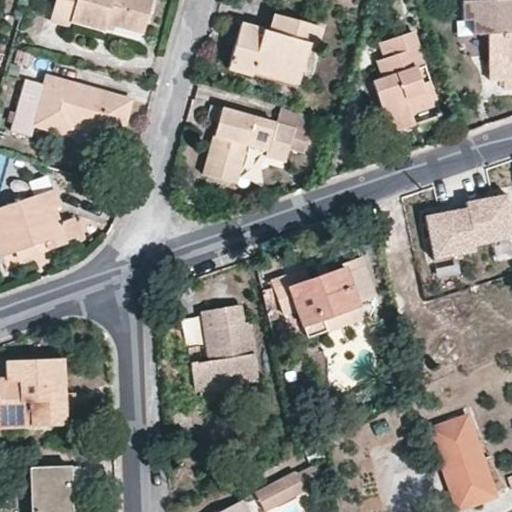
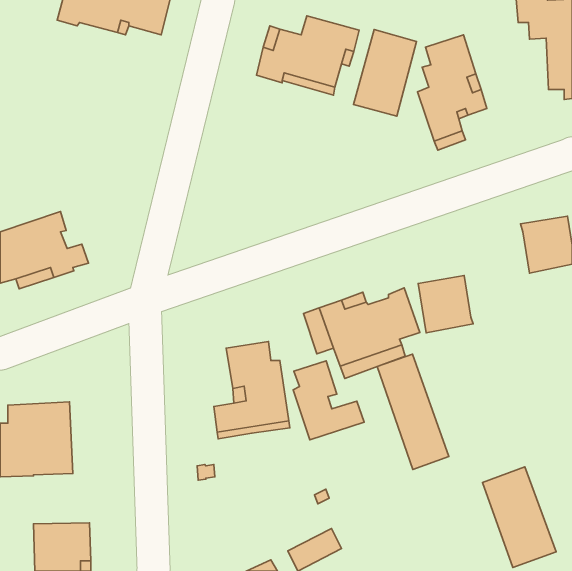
building: none -> [353,30,417,116]
building: [10,76,129,138] -> none
building: [203,105,294,182] -> none
building: [426,207,475,258] -> [418,276,473,333]
building: none -> [377,354,449,469]
building: none -> [293,361,364,440]

